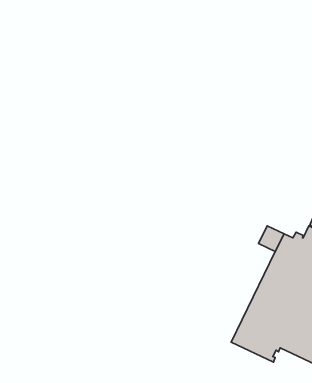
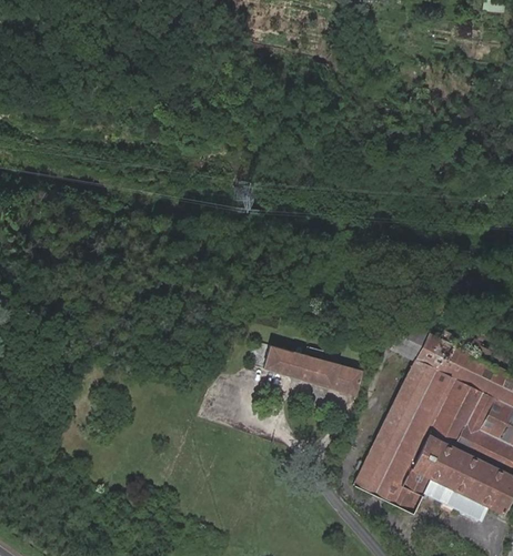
building: none -> [259,343,358,394]

